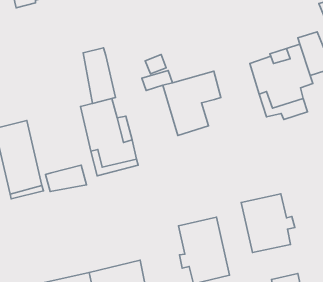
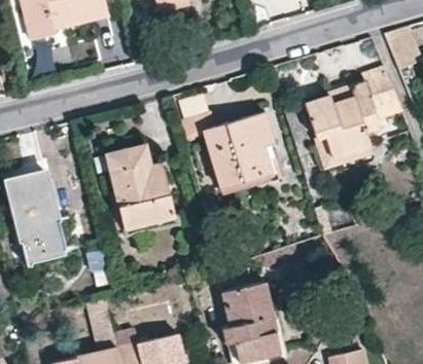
building: [83,48,116,103] -> none
building: none -> [221,146,277,195]
building: [45,165,86,192] -> none
building: [241,194,295,253] -> none

